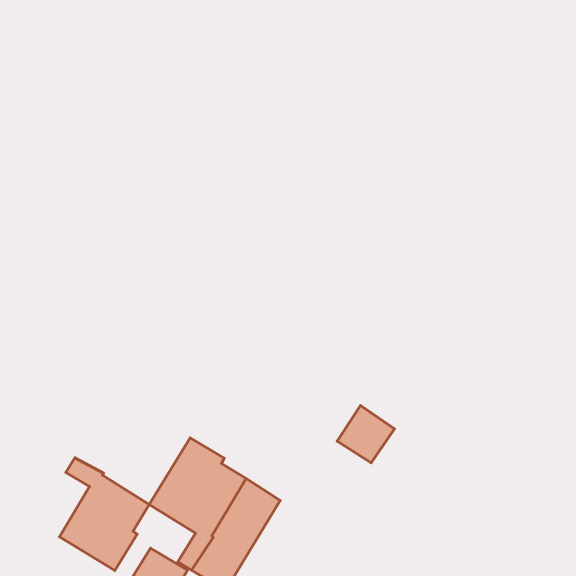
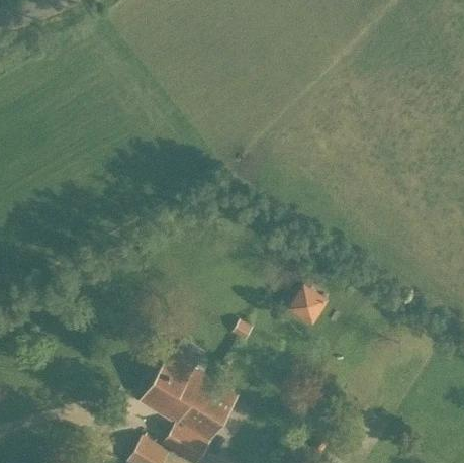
building: [337,406,394,463] -> [289,281,332,323]
building: [59,458,149,570] -> none

